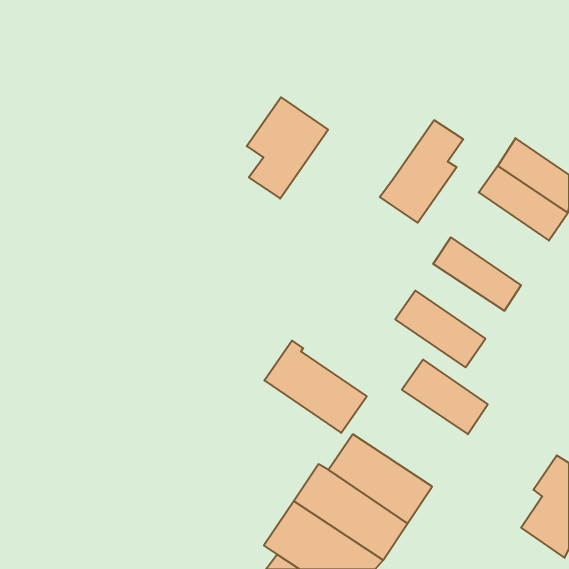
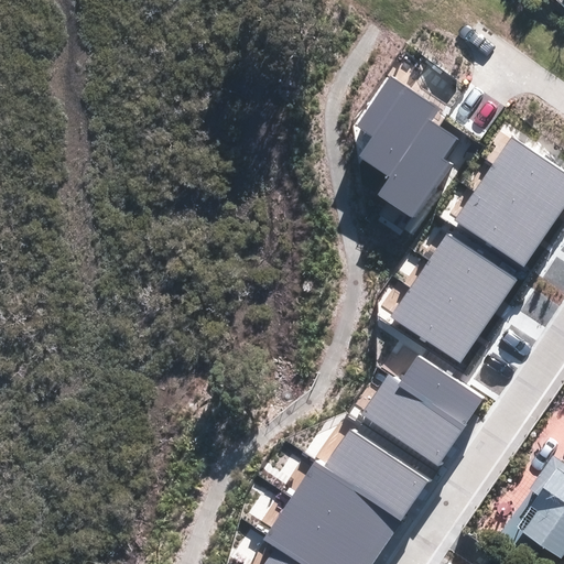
building: [247,97,328,199] -> [356,77,436,177]
building: none -> [454,191,543,267]
building: none -> [411,261,499,335]
building: [264,341,367,433] -> [361,375,463,466]

